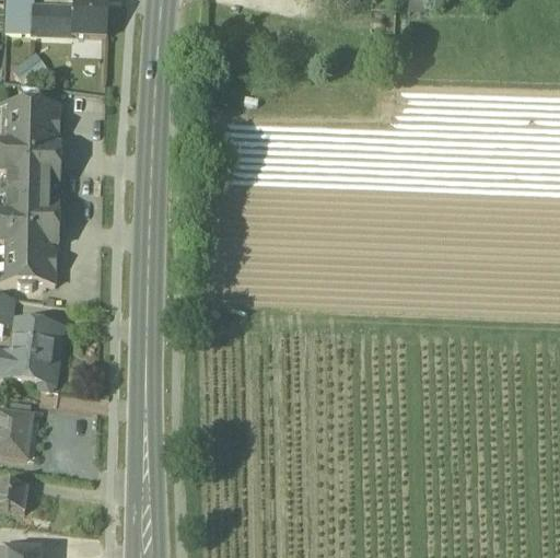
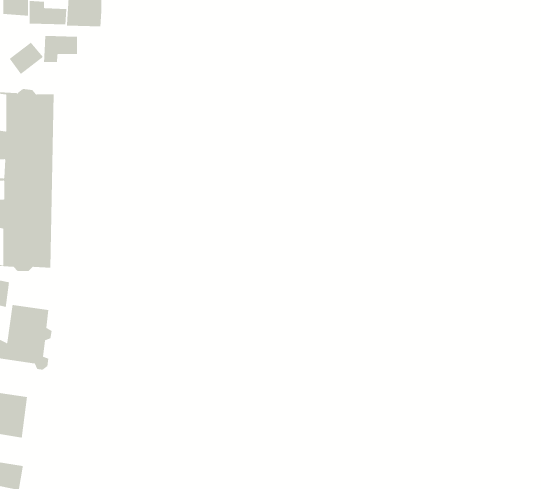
building: none -> [44,35,77,63]

